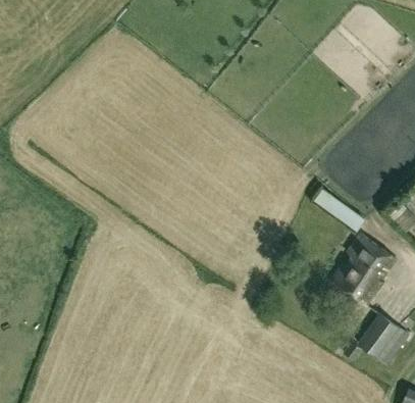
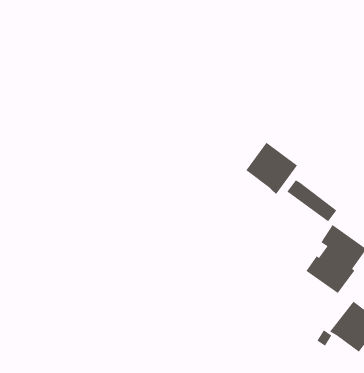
building: none -> [246,142,298,195]

